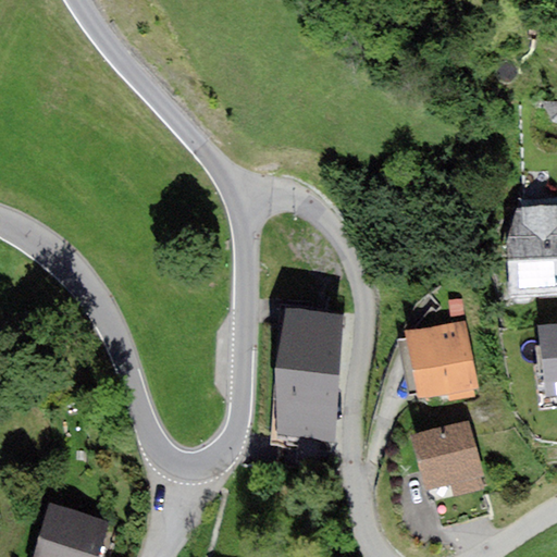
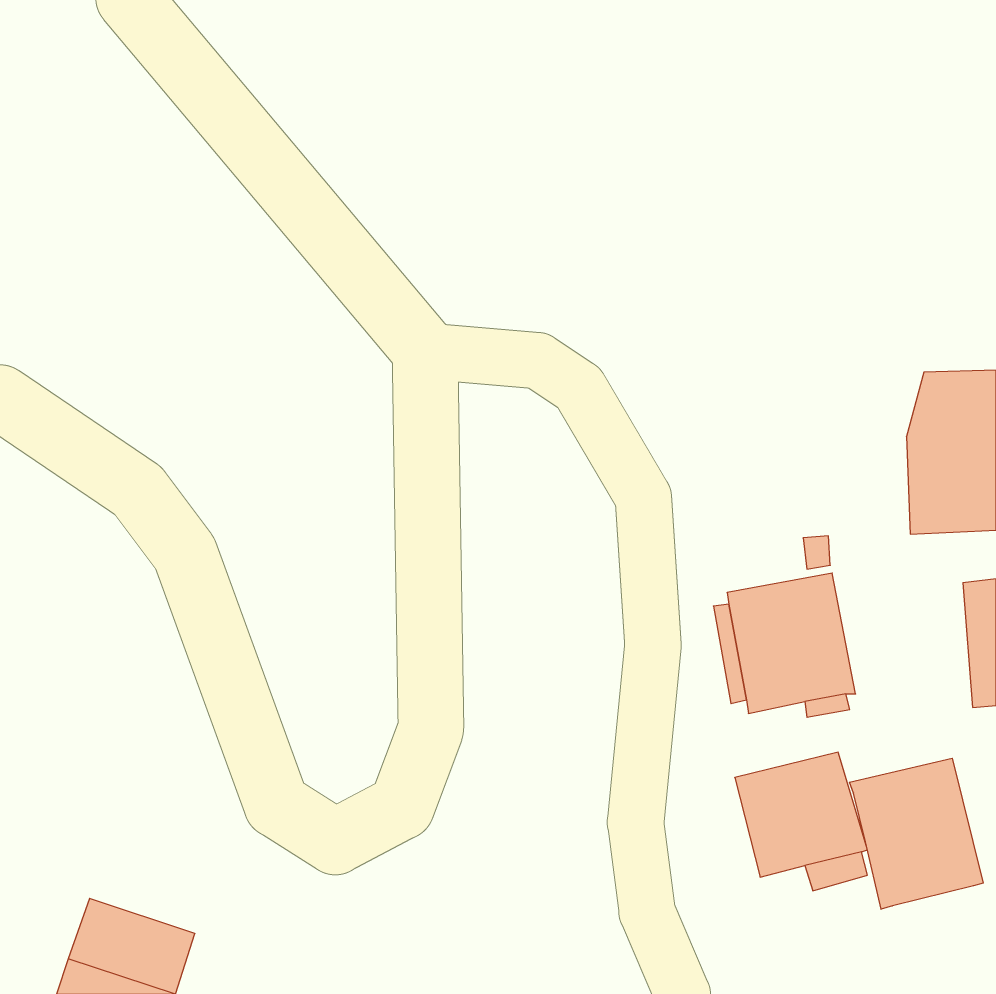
building: [276,310,344,443] -> none
building: none -> [849,758,983,909]

